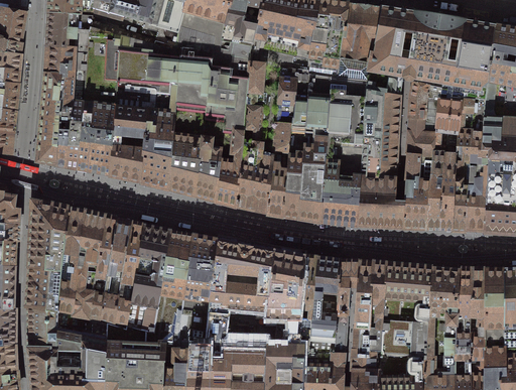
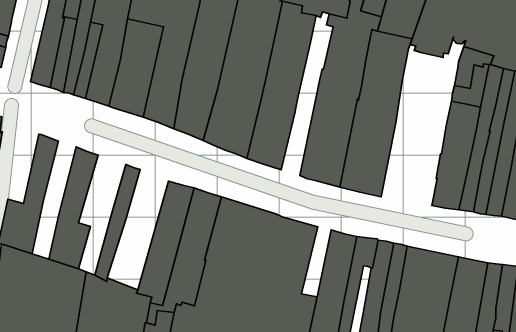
building: [267,69,297,215] -> none
building: [358,88,405,227] -> none
building: [30,204,50,269] -> none
building: [57,211,85,315] -> none
building: [95,219,130,324] -> none
building: [126,227,170,333] -> none
building: [298,258,317,319] -> none

